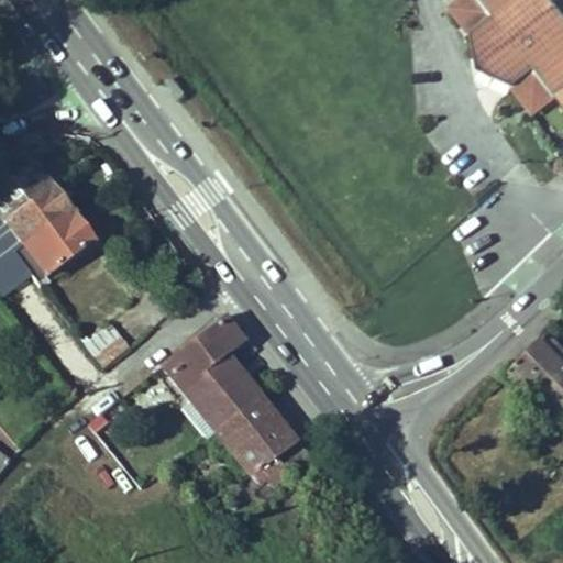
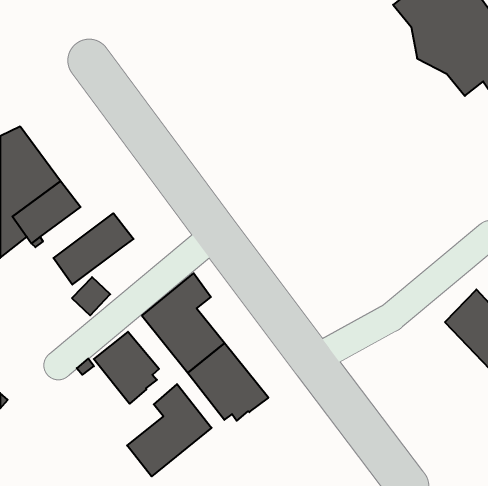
building: none -> [53,213,134,285]
building: none -> [94,332,159,404]
building: none -> [127,384,212,476]

